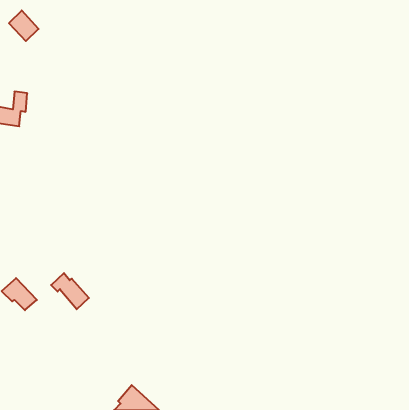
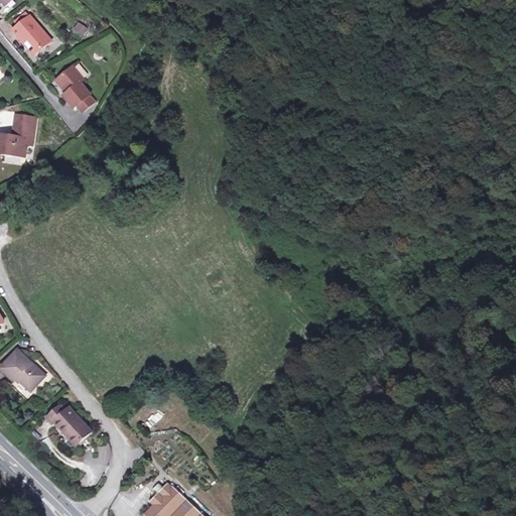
building: none -> [53,68,89,109]
building: [51,273,89,309] -> [47,402,95,447]

